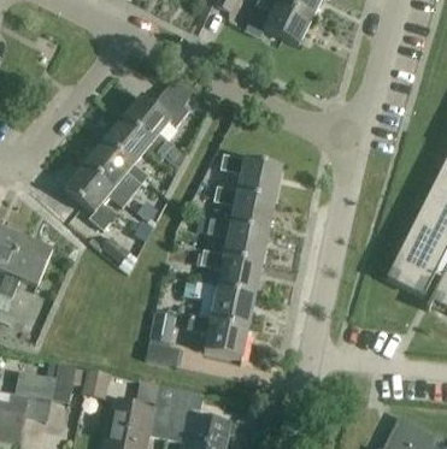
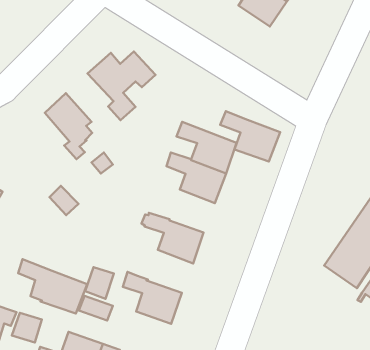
building: [101,118,151,183] -> none
building: [63,164,112,229] -> none
building: [206,217,267,261] -> [220,111,280,162]
building: [183,278,254,325] -> [18,259,87,314]

